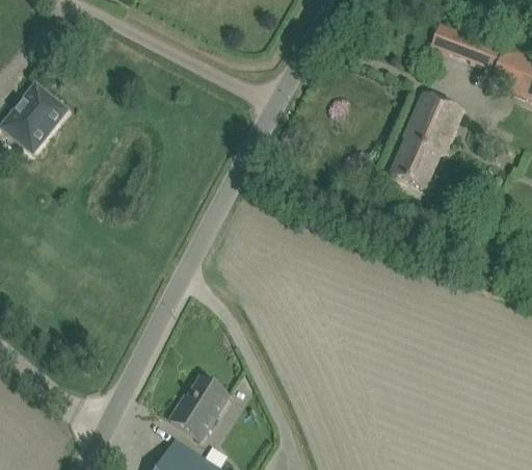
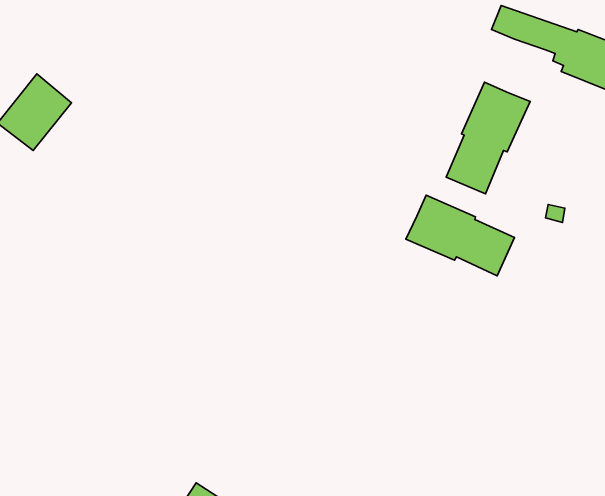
building: none -> [406,195,515,276]
building: [170,376,230,439] -> none

